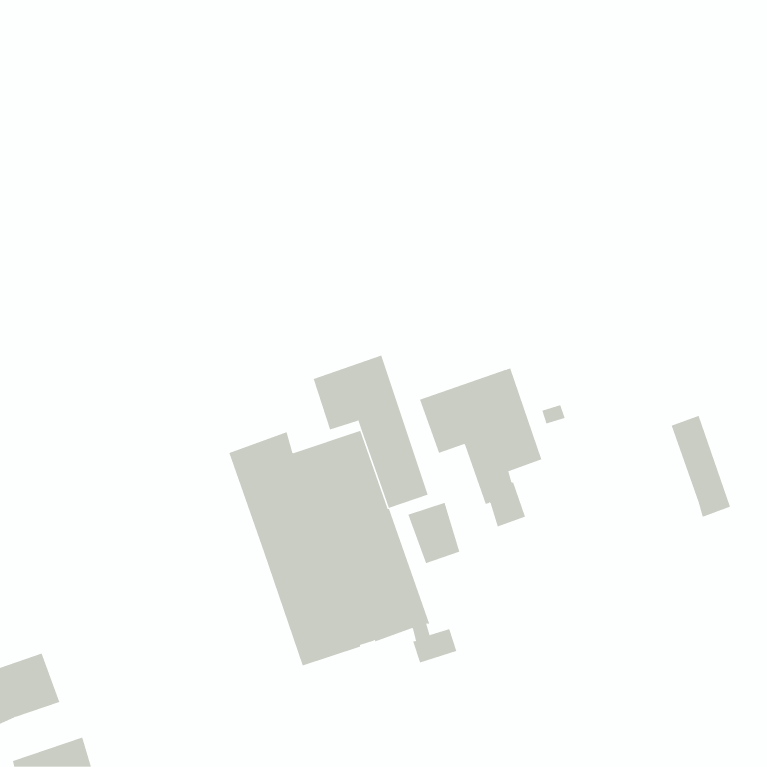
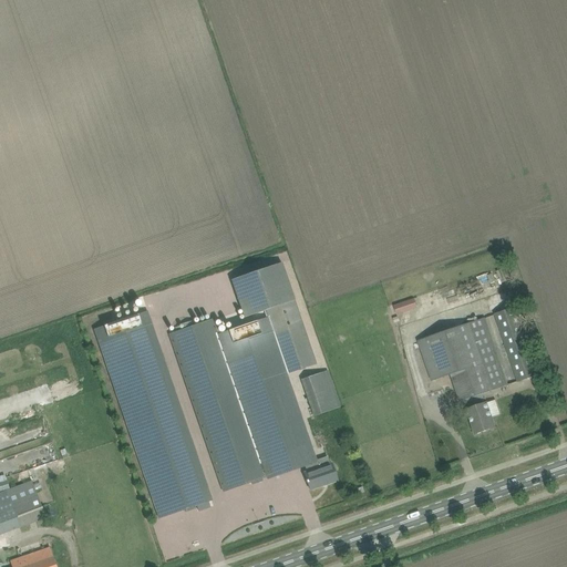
building: [419,368,542,527] -> [416,317,507,434]
building: none -> [93,310,212,517]

